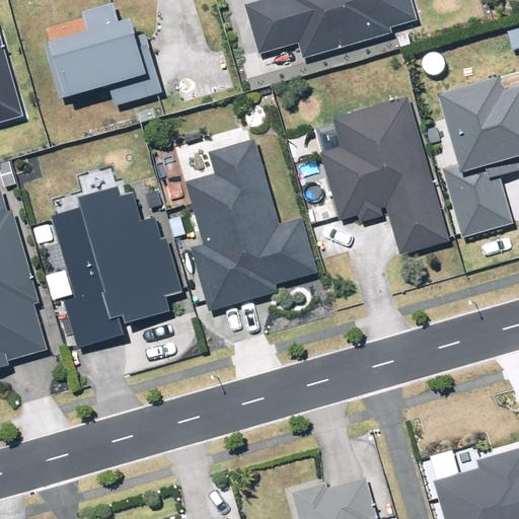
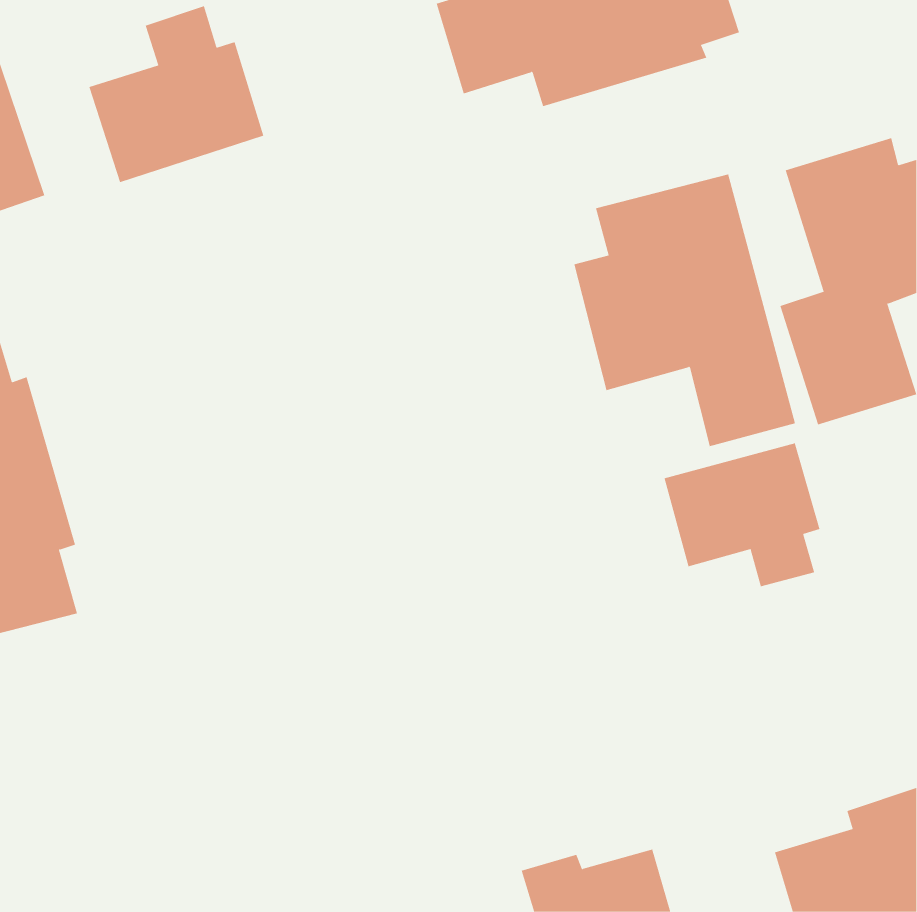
building: [184,140,317,313] -> none
building: [50,188,184,348] -> none
building: none -> [664,442,820,587]

